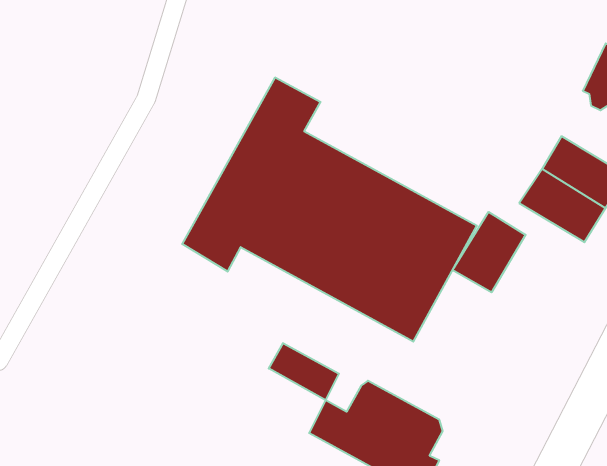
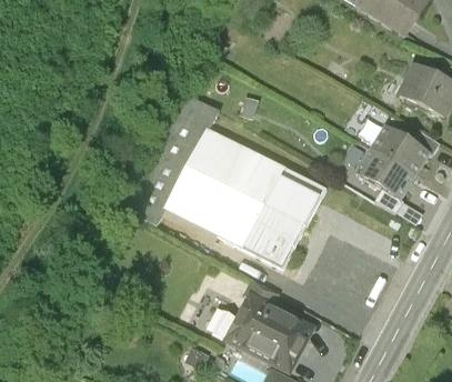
building: [453,212,526,292] -> none
building: [269,343,339,400] -> none

